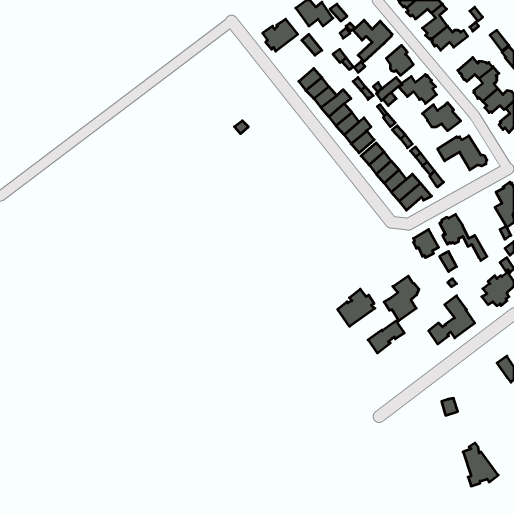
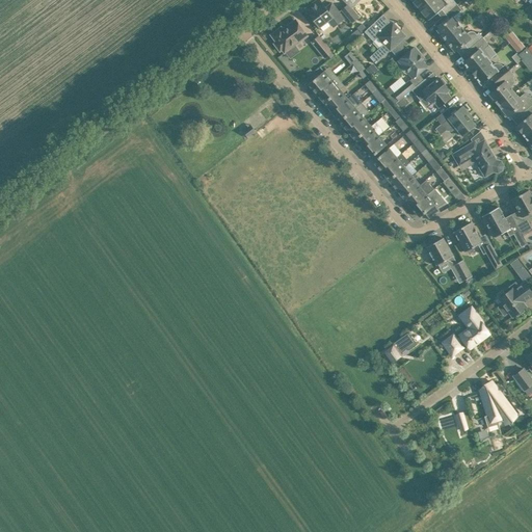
building: none -> [463,37,489,73]
building: none -> [482,207,521,237]
building: [384,276,419,321] -> none
building: [338,289,375,326] -> none
building: [463,443,498,486] -> [480,381,516,426]

